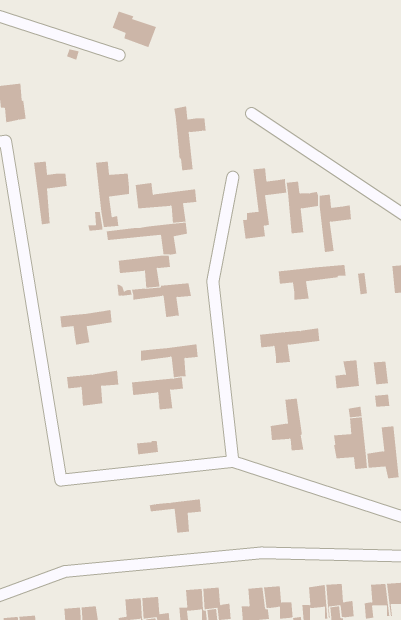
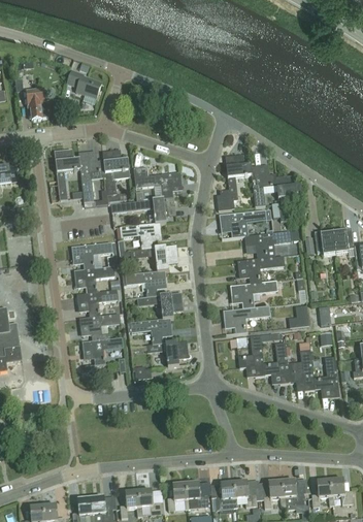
building: [112,11,157,48] -> [67,69,102,98]
building: [174,106,207,171] -> [78,151,104,201]
building: none -> [219,209,266,237]
building: none -> [314,231,335,255]
building: none -> [71,241,112,269]
building: none -> [237,255,285,283]
building: none -> [125,270,166,296]
building: none -> [76,289,118,317]
building: none -> [223,304,270,333]
building: none -> [81,337,123,364]
building: none -> [263,341,290,383]
building: [149,499,202,533] -> [146,339,188,366]

